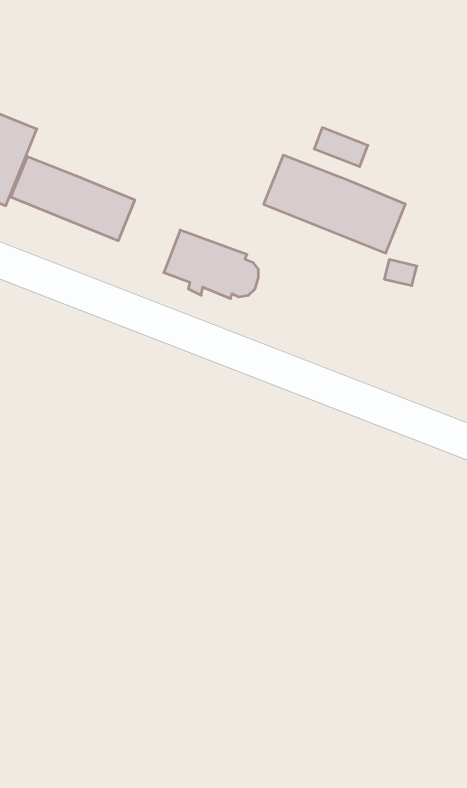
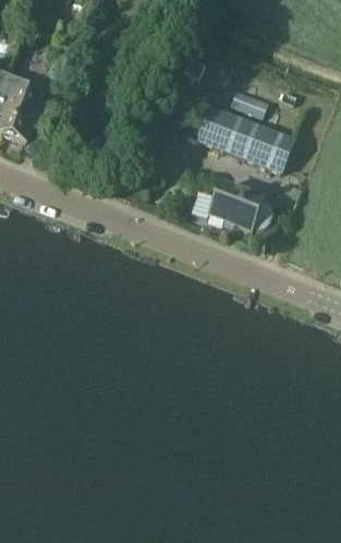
building: [11,156,135,241] -> none
building: [164,230,258,299] -> [206,184,269,230]

